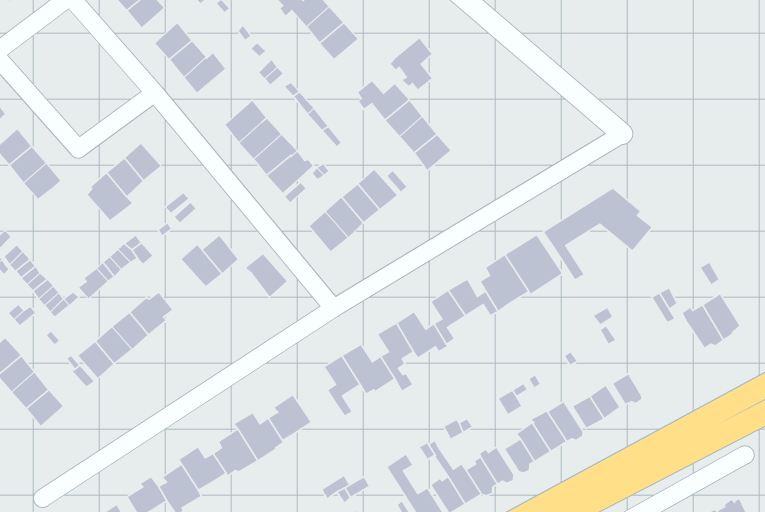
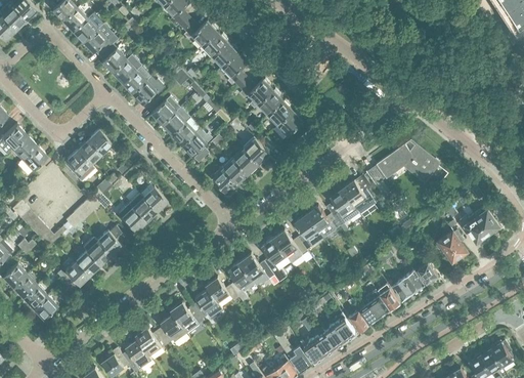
building: [390,37,433,90] -> [219,52,248,87]
building: none -> [133,77,166,104]
building: [245,253,288,297] -> [118,204,146,233]
building: none -> [436,230,467,259]
building: none -> [206,277,239,302]

